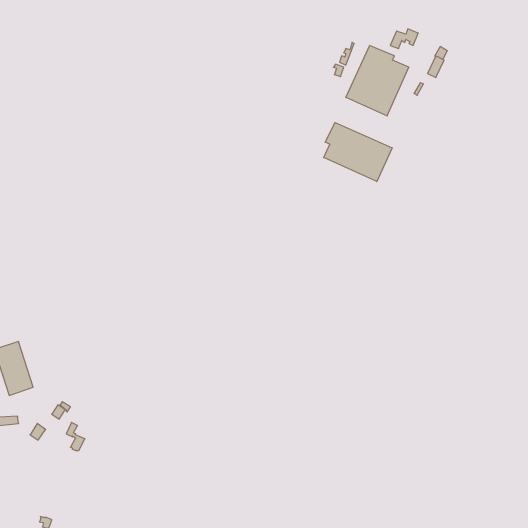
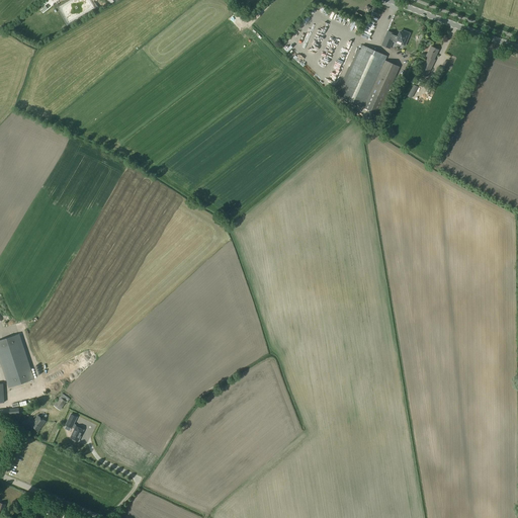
building: [324,123,392,182] -> none

